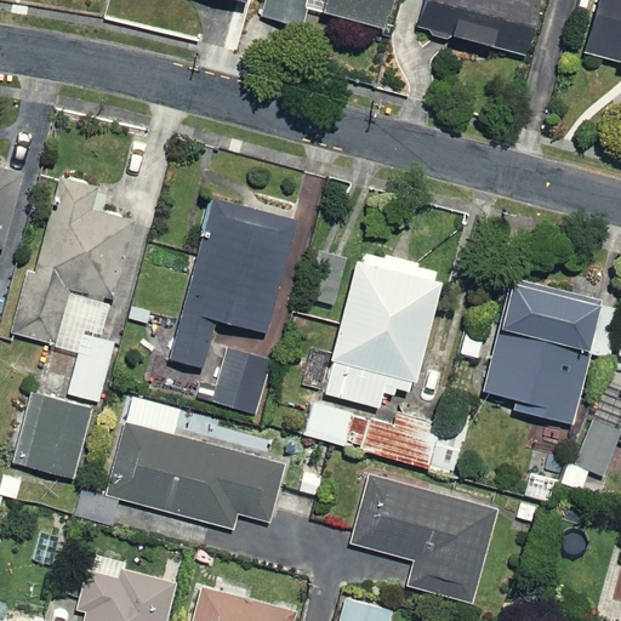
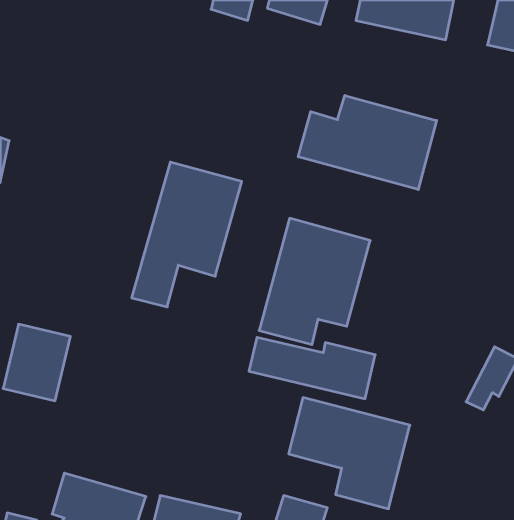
building: none -> [298,95,437,190]
building: [13,196,138,341] -> none
building: [483,272,604,421] -> none
building: [67,331,116,400] -> none
building: [212,343,278,414] -> none
building: [108,426,283,535] -> none

